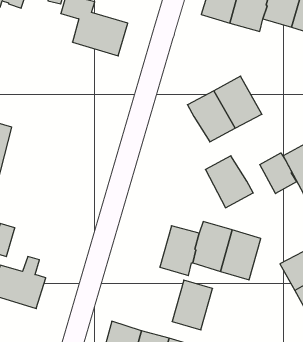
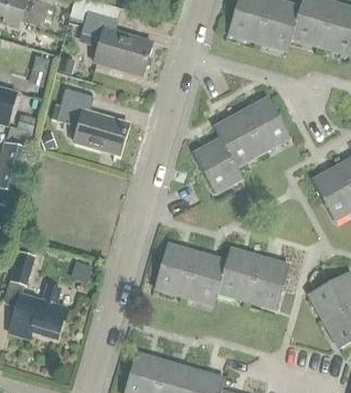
building: none -> [56,88,128,155]
building: [260,153,296,194] -> none
building: [205,156,253,208] -> [193,139,243,193]
building: [172,280,213,330] -> [155,244,196,296]

